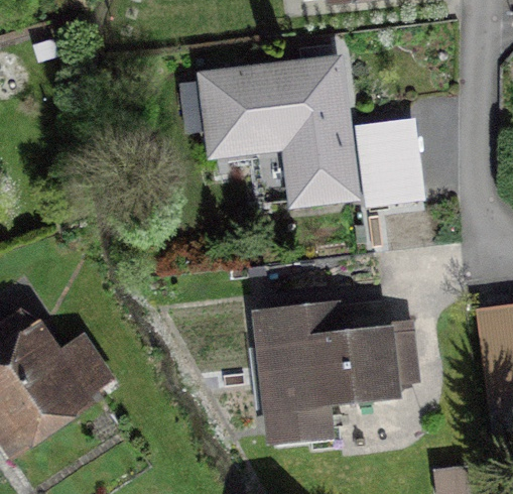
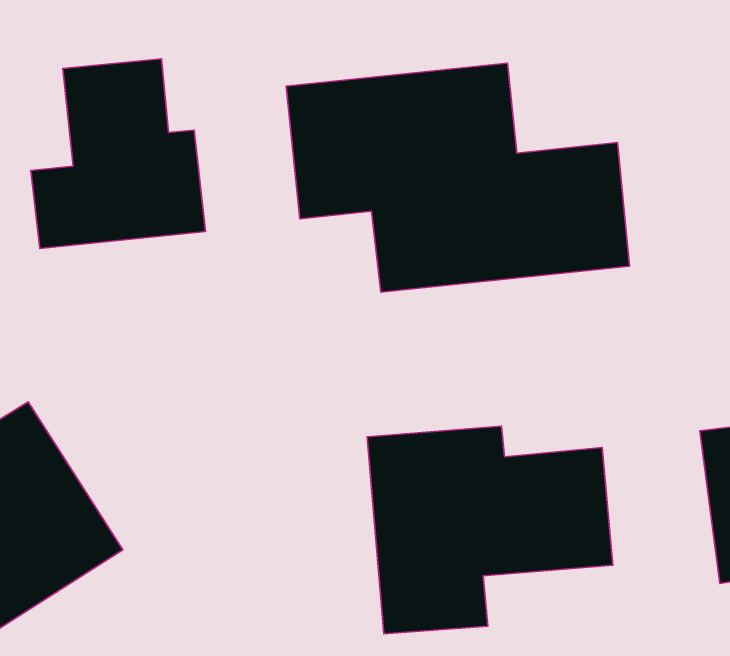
building: none -> [31,59,205,249]

